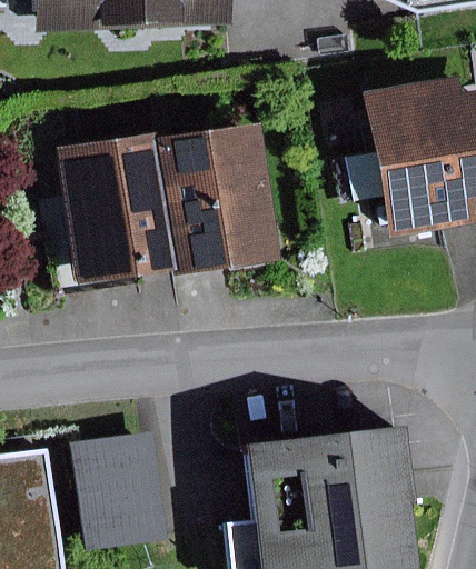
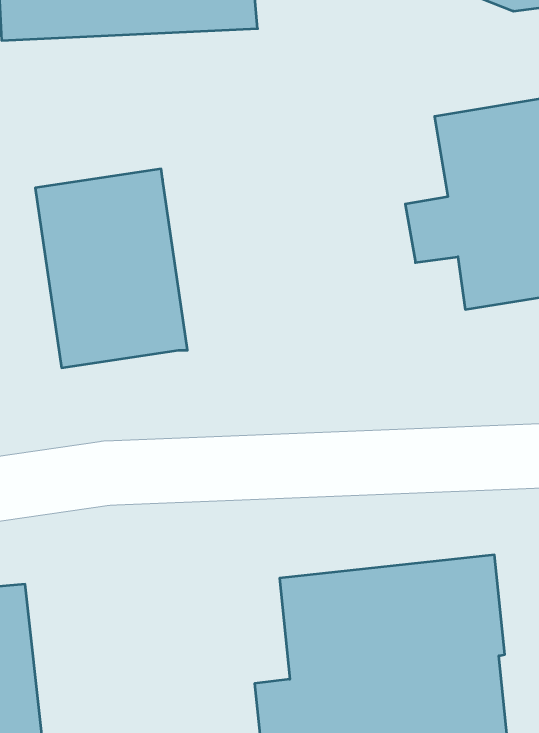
building: [153,124,279,276] -> none
building: [73,431,170,549] -> none

